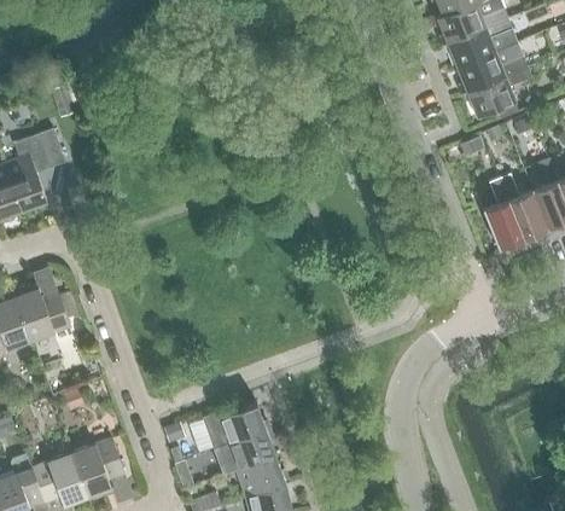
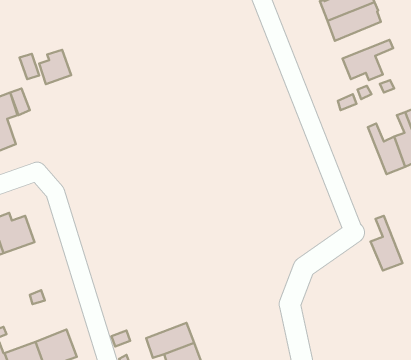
building: [456,42,526,89] -> none
building: none -> [39,50,71,84]
building: [482,178,523,248] -> [371,216,403,271]
building: [202,402,266,448] -> none

